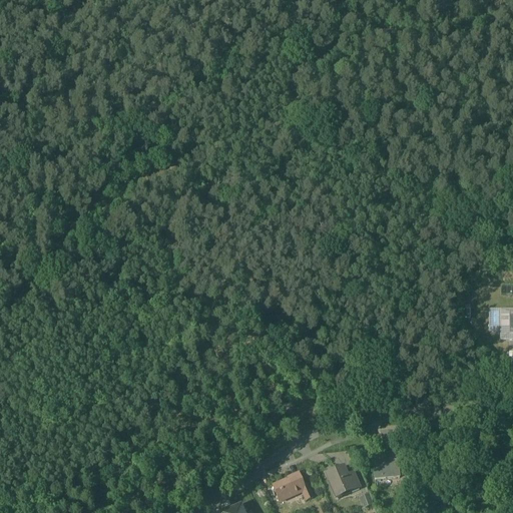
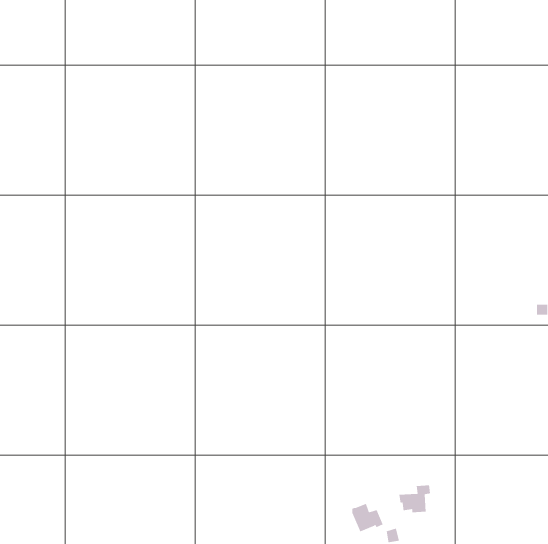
building: [272,471,312,499] -> none

